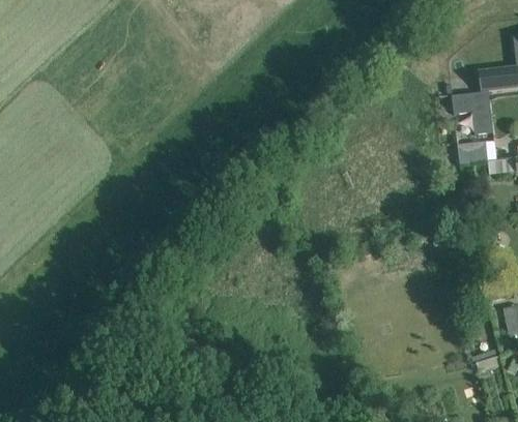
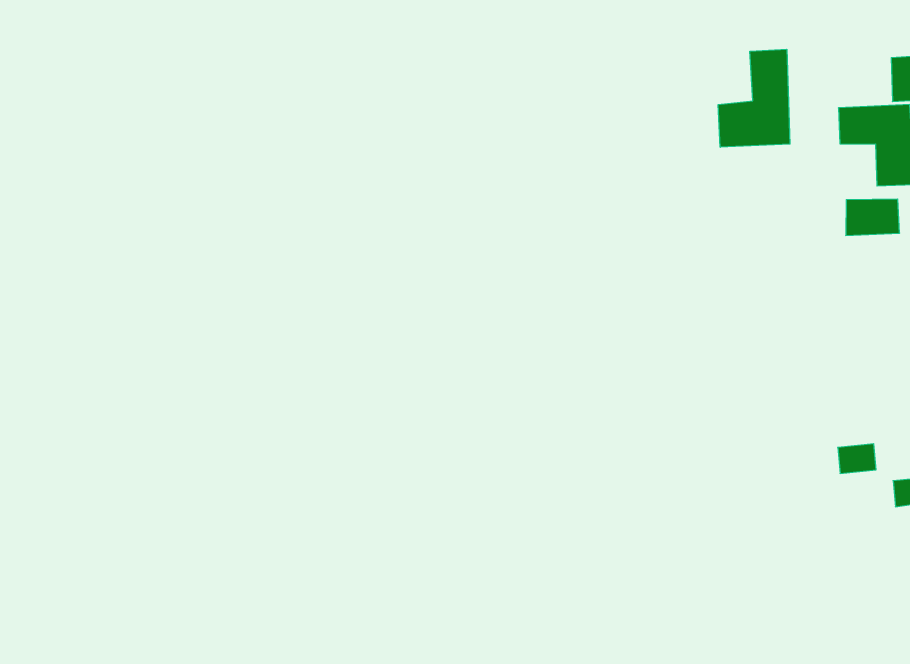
building: none -> [718,49,790,147]

